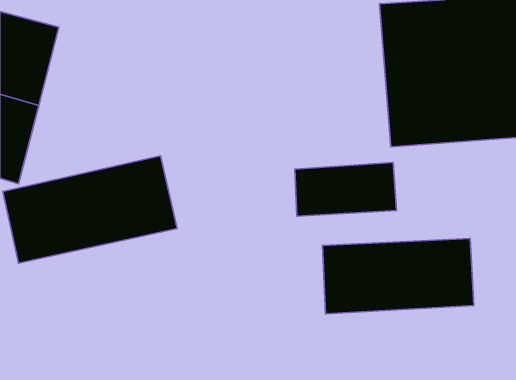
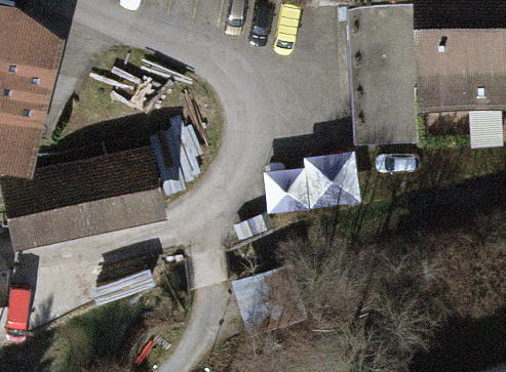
building: [323,238,474,314] -> none

